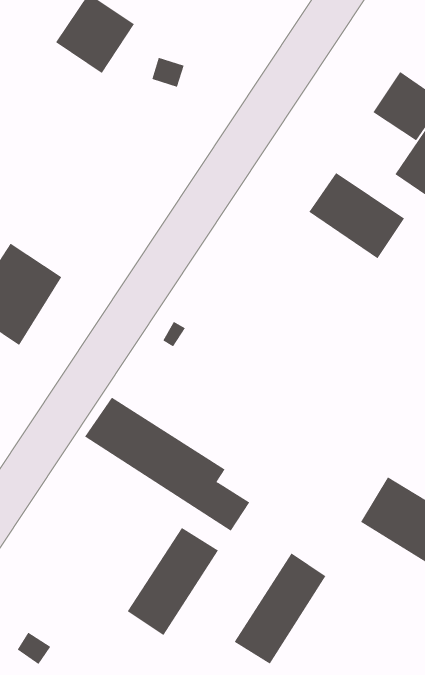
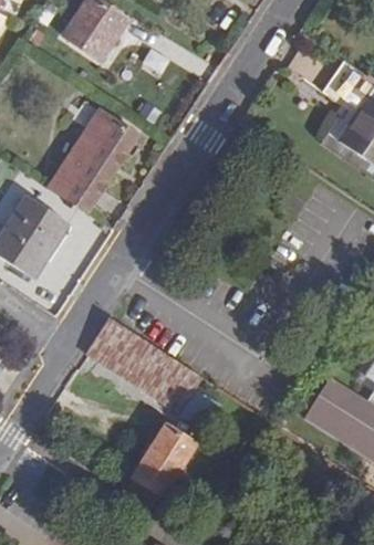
building: none -> [46,108,138,213]
building: [308,172,405,259] -> none
building: [234,553,326,665] -> none

